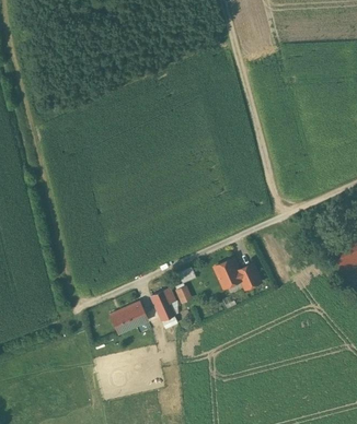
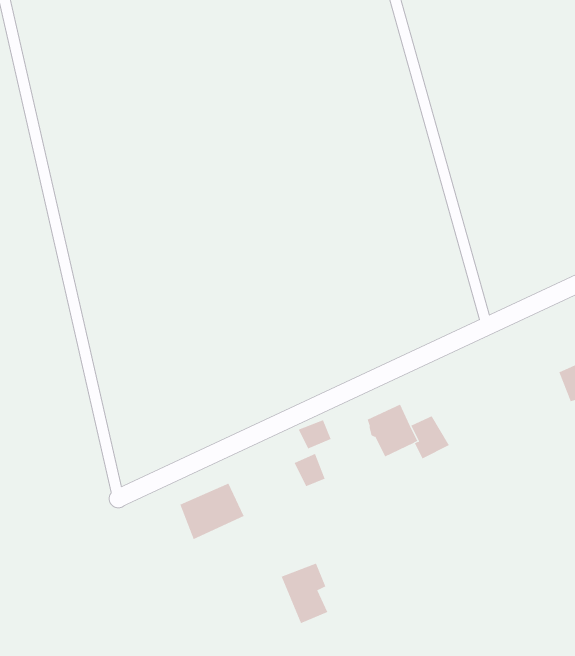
building: [149,288,175,322] -> [281,563,328,624]

